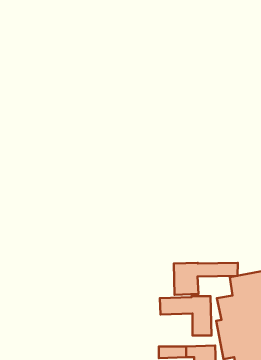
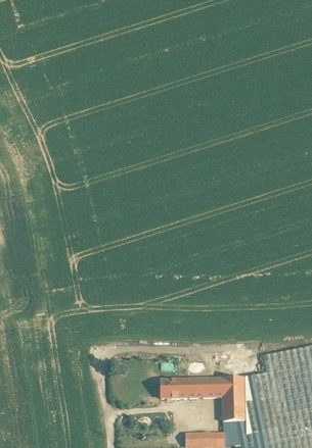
building: [174,263,238,295] -> none
building: none -> [161,378,187,396]

